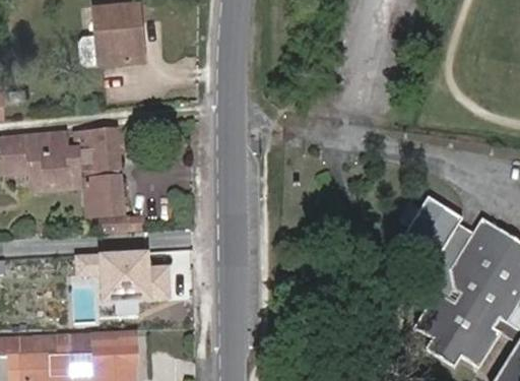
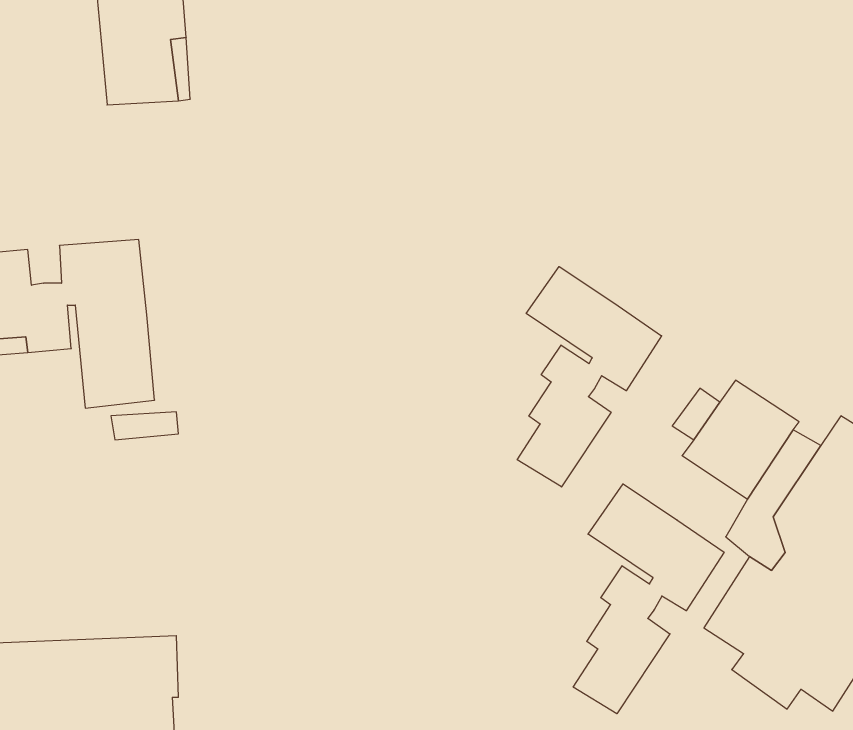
building: none -> [517,267,662,487]
building: [80,250,171,299] -> none
building: none -> [573,484,724,714]

